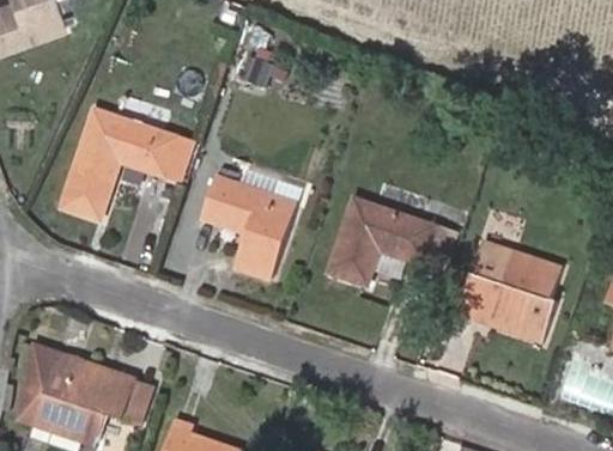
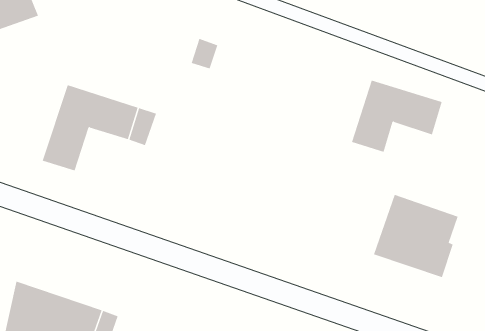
building: [201,177,295,278] -> none
building: [328,199,437,285] -> [351,80,443,152]

